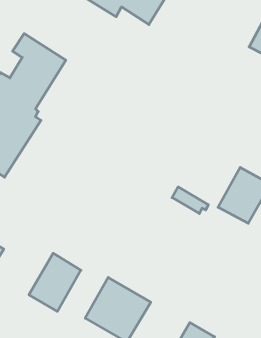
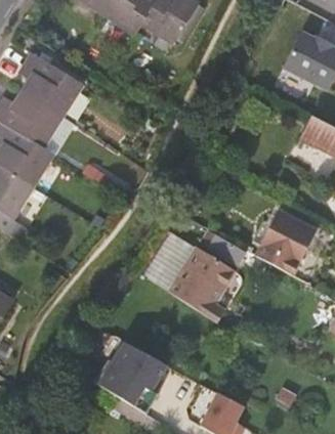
building: none -> [153,240,224,316]
building: [29,253,81,311] -> none

